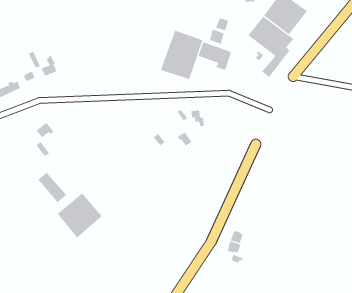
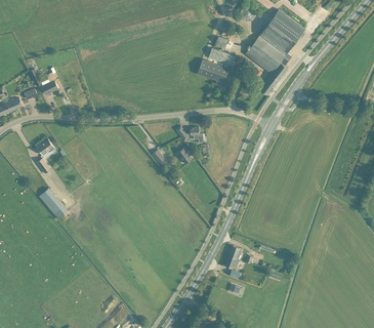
building: [160,30,203,80] -> none
building: [57,193,103,238] -> none

